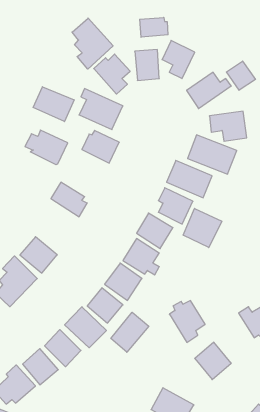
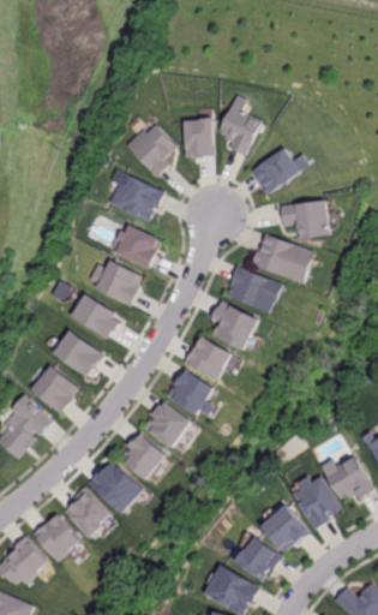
building: [140,17,168,37] -> none
building: [72,18,113,69] -> none
building: [226,61,255,90] -> none
building: [33,87,74,122] -> none
building: [25,130,68,165] -> [88,258,144,304]
building: [183,208,222,248] -> none
building: none -> [52,329,101,377]
building: [169,301,205,342] -> [292,476,338,531]
building: [111,312,149,352] -> none
building: none -> [234,536,281,583]

